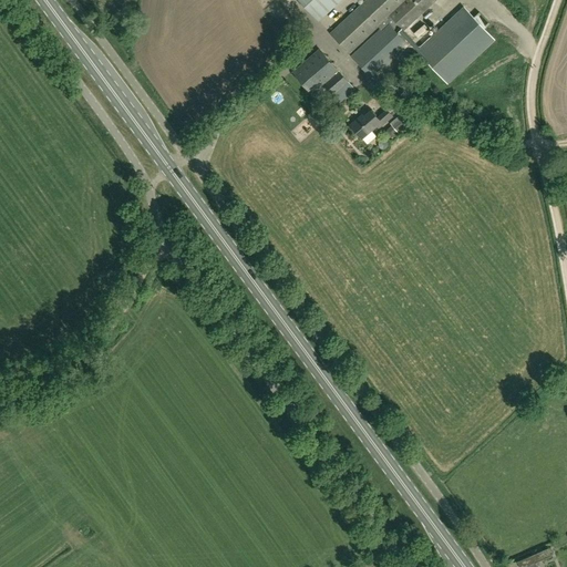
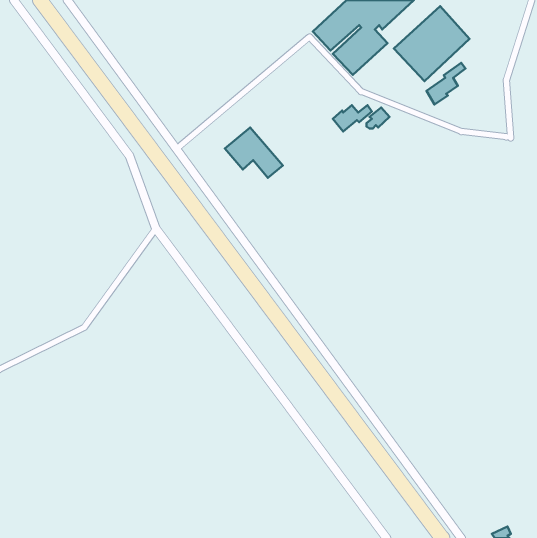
building: [292,50,353,103] -> [225,127,283,178]
building: none -> [426,63,466,105]

